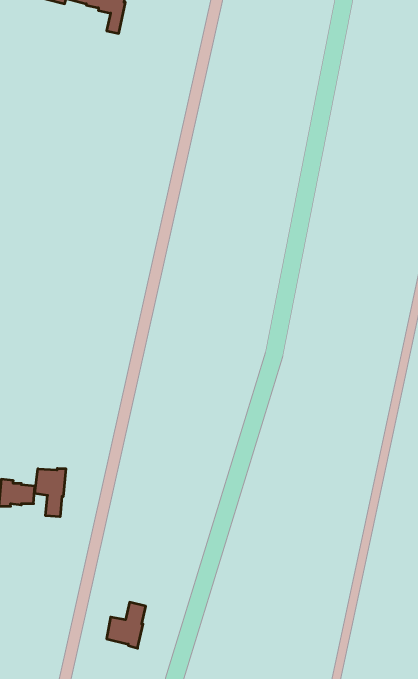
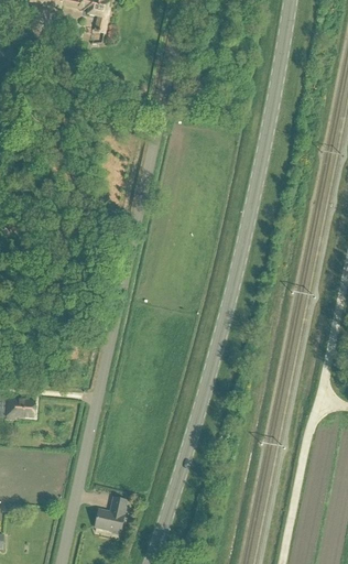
building: [35,468,66,517] -> none

